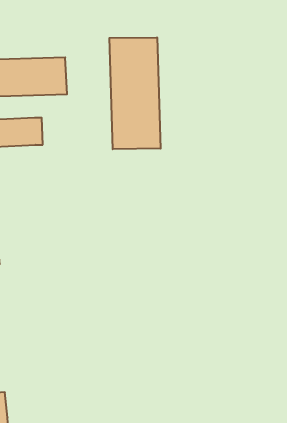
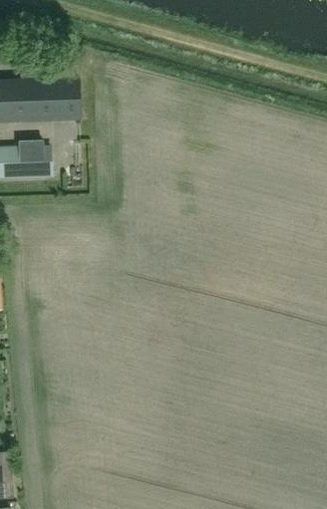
building: [109,37,161,149] -> none

